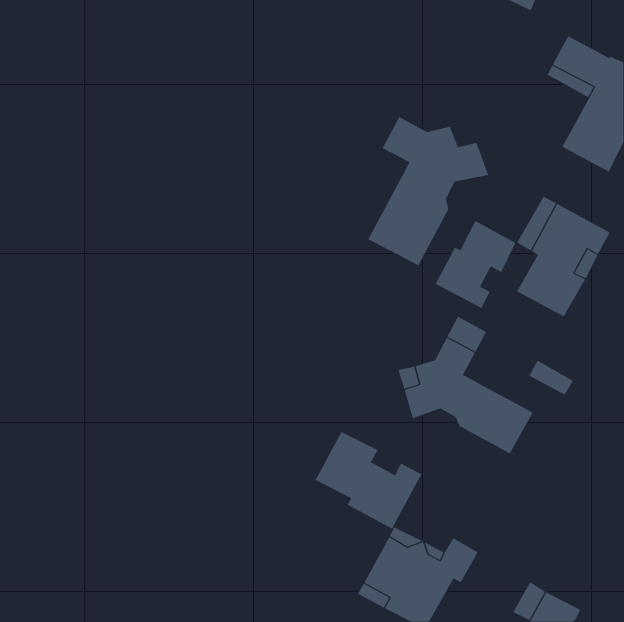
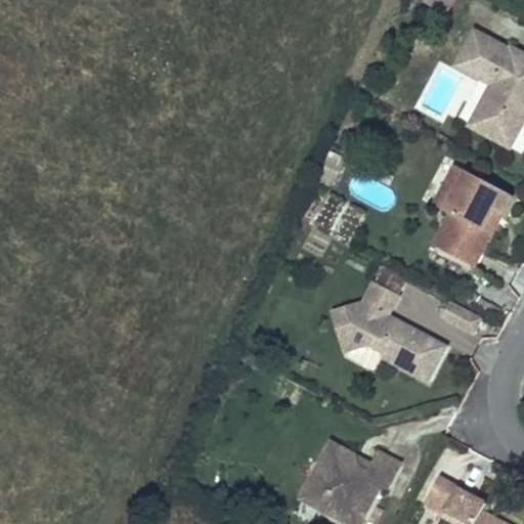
building: [368,116,489,266] -> none
building: [435,220,516,309] -> none
building: [315,431,422,530] -> none

